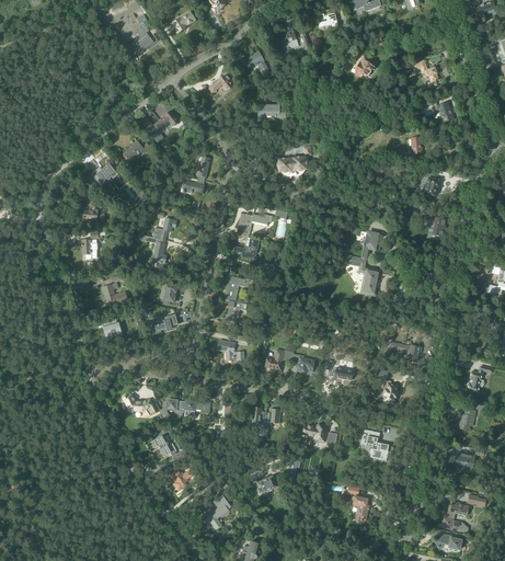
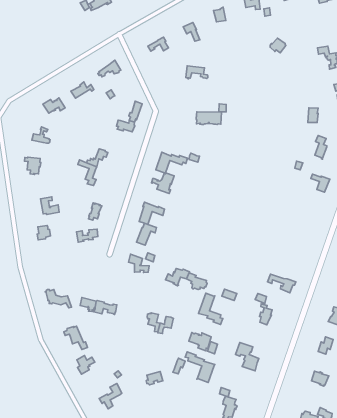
building: [346,231,378,294] -> none
building: none -> [198,293,223,324]
building: none -> [185,352,215,382]

